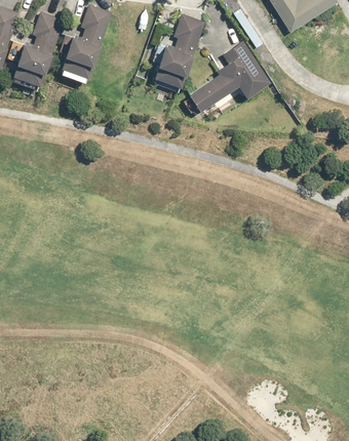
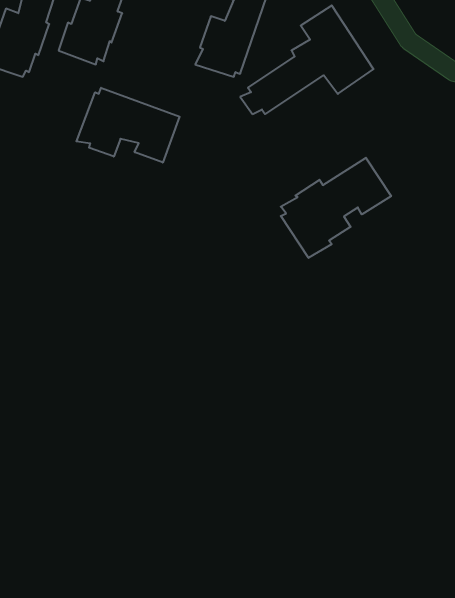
building: none -> [76,88,180,163]
building: none -> [281,158,391,258]

